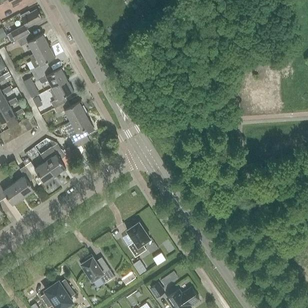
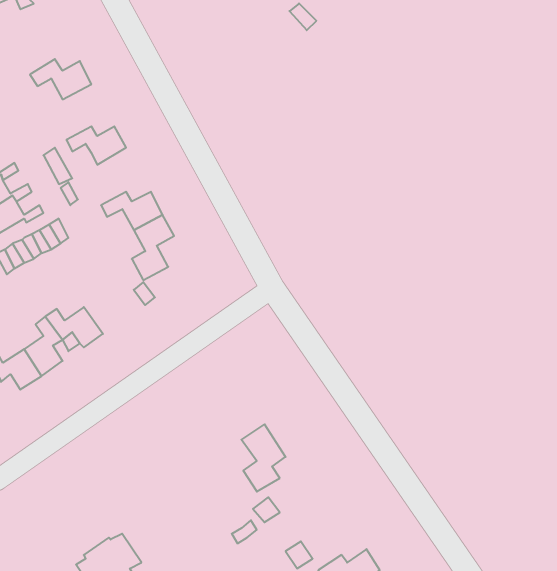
building: [8,10,42,41] -> none
building: [29,46,55,75] -> none
building: [44,79,74,113] -> none
building: [45,145,66,176] -> none
building: [80,256,114,284] -> none

